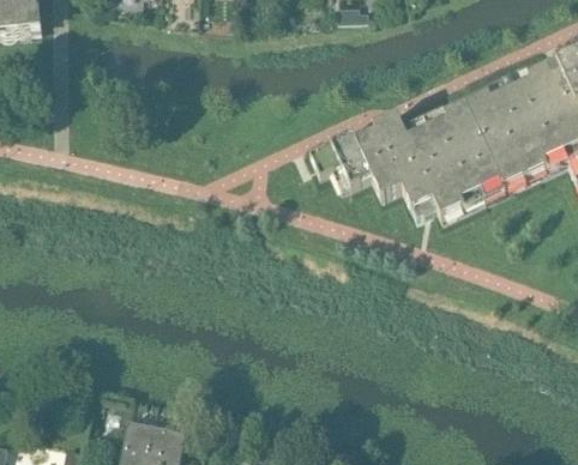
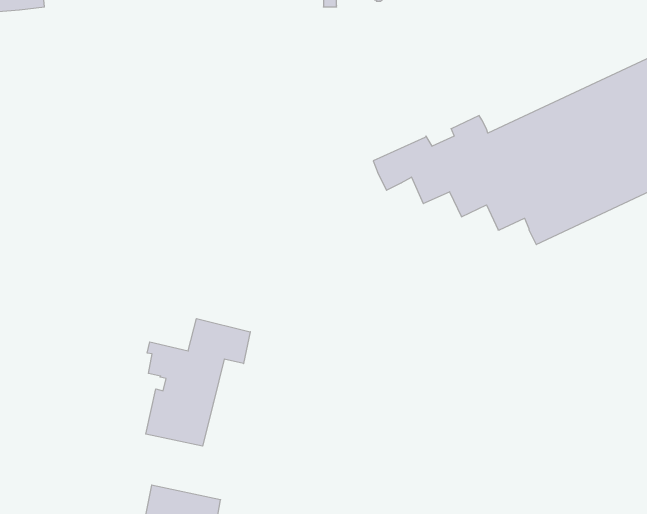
building: none -> [146,319,250,446]

